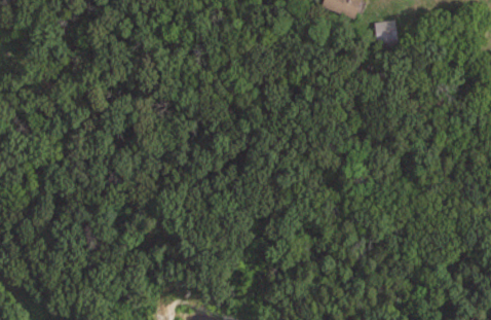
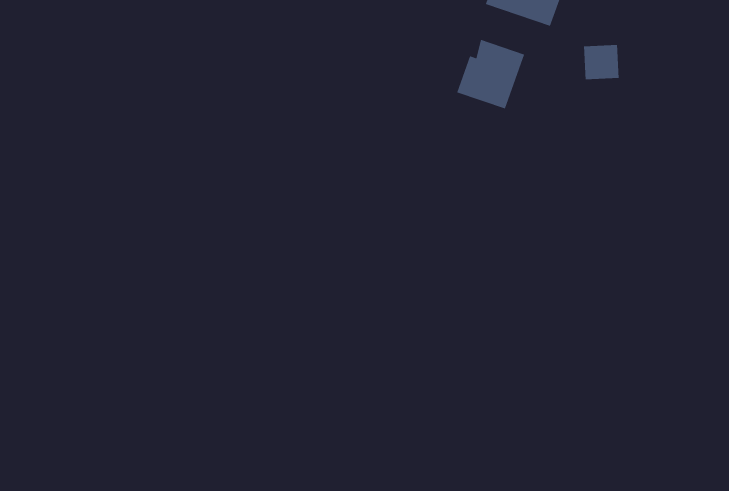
building: none -> [456,39,525,109]

